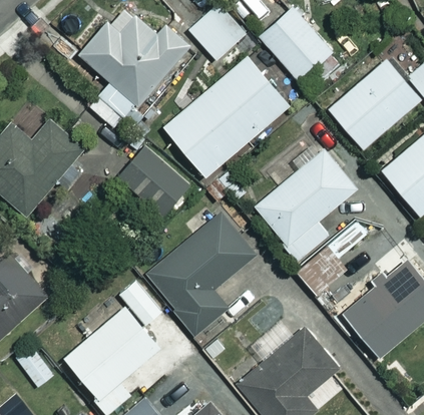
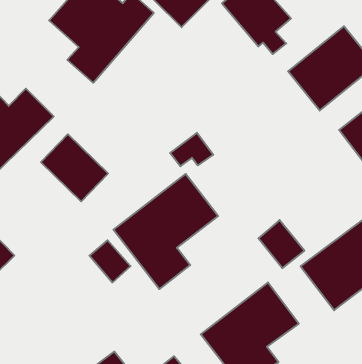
building: [164,57,288,176] -> none
building: [119,147,189,218] -> [41,134,108,201]
building: [255,149,356,265] -> none
building: [64,296,159,399] -> none

